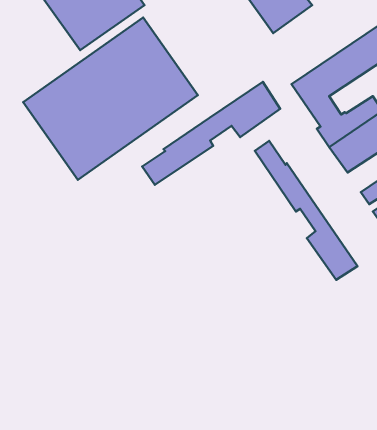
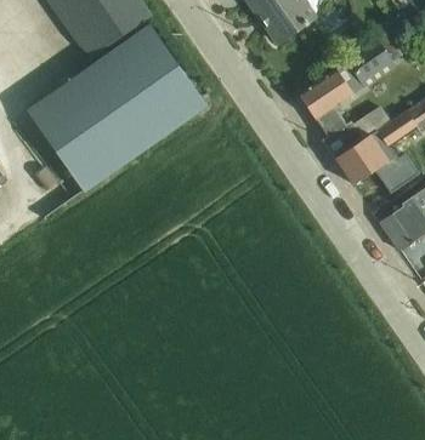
building: [142,82,280,185] -> none
building: [255,141,357,280] -> none

